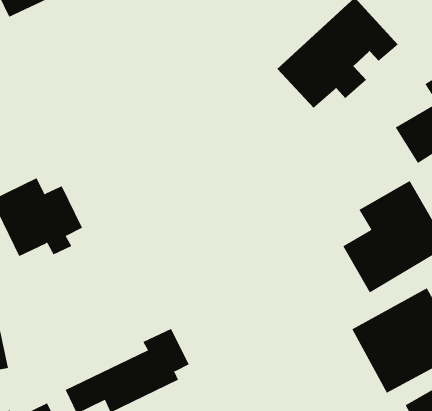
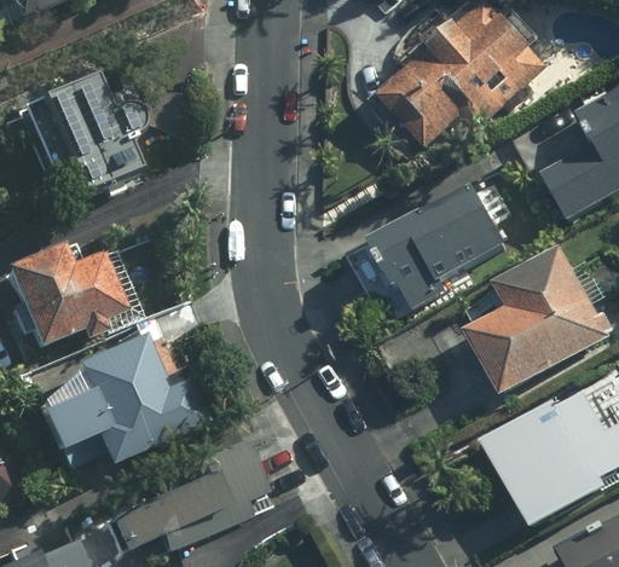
building: none -> [29,76,139,189]
building: none -> [372,186,511,308]
building: none -> [35,334,199,463]

